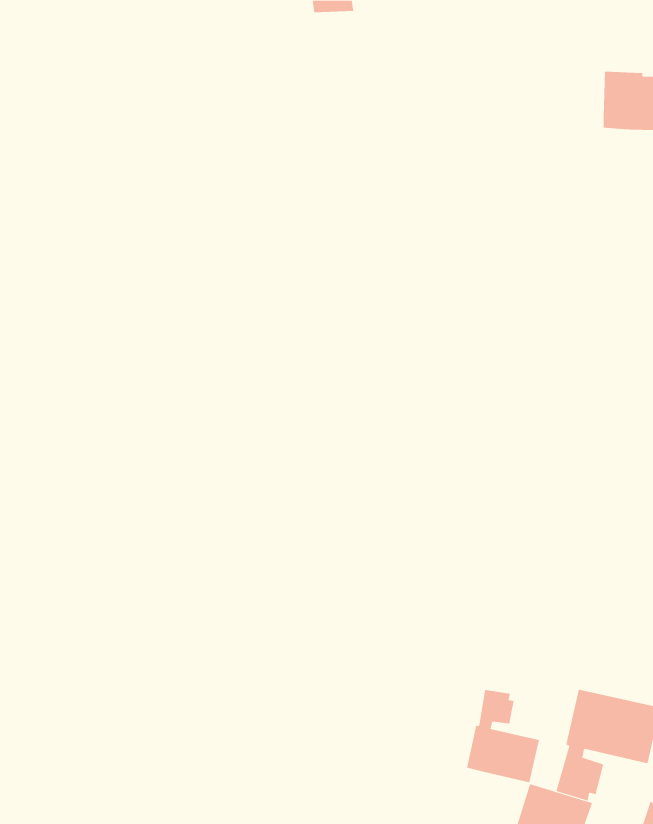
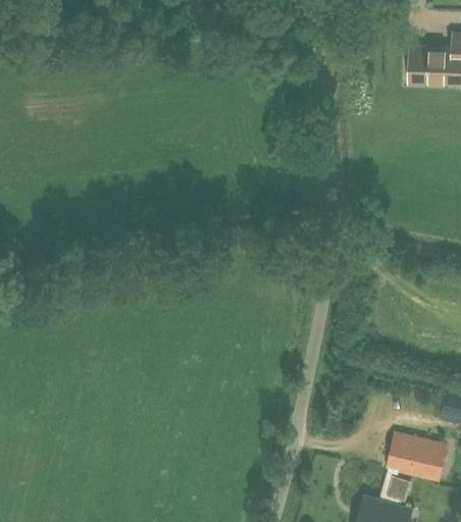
building: [466,689,540,783] -> none

